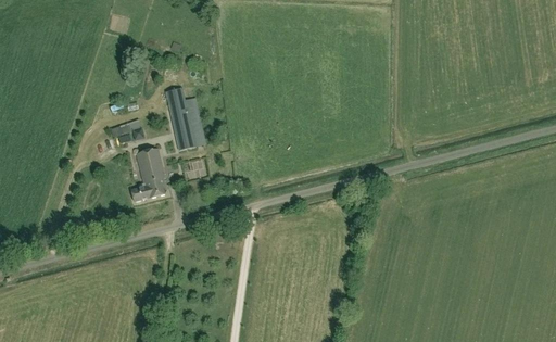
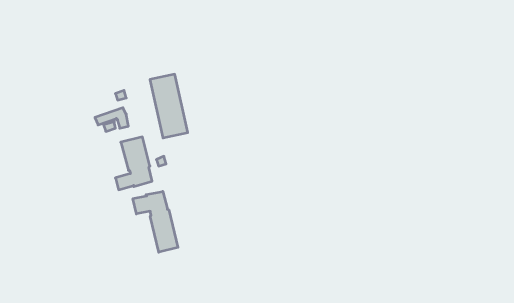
building: none -> [133,191,178,252]

